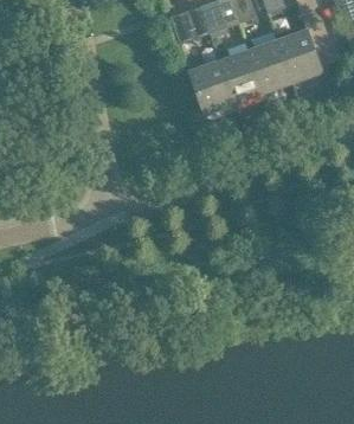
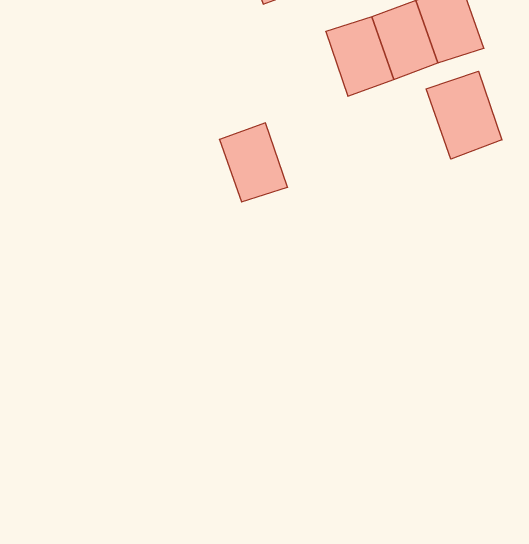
building: [189,60,233,111] -> [219,123,288,202]
building: none -> [426,71,502,159]

